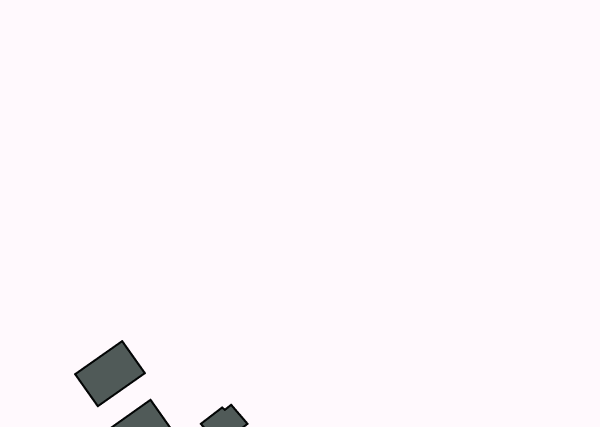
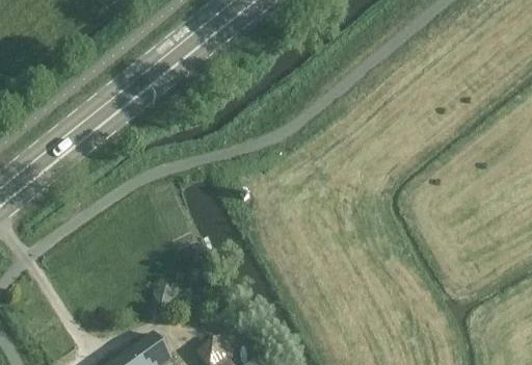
building: [75,341,145,406] -> none

